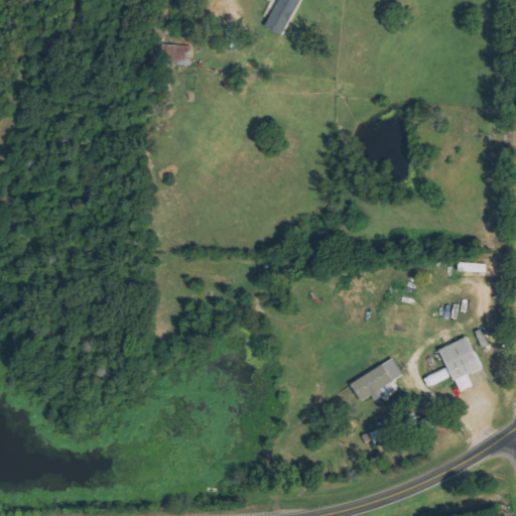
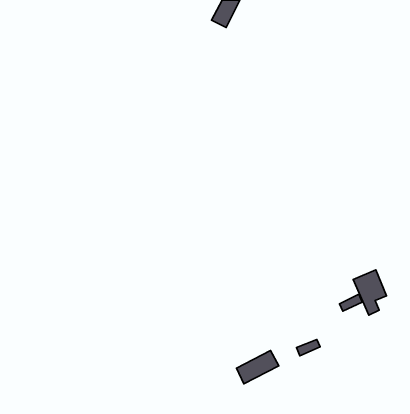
building: [162,44,188,64] -> none
building: [350,359,402,400] -> [237,350,279,384]

